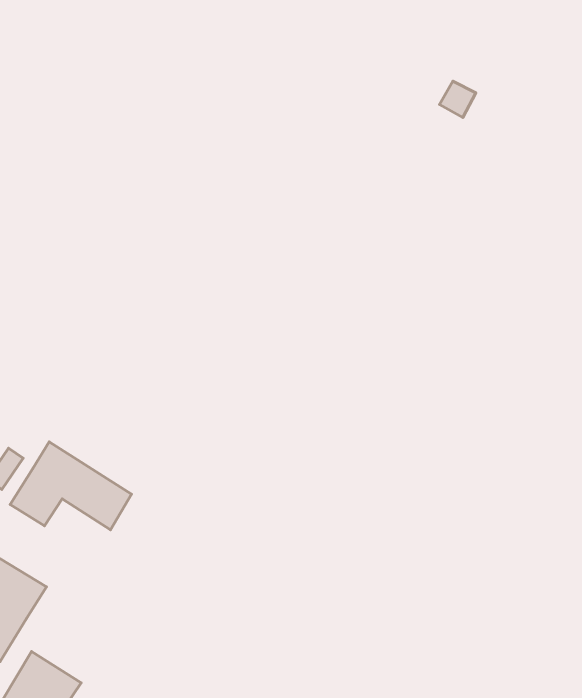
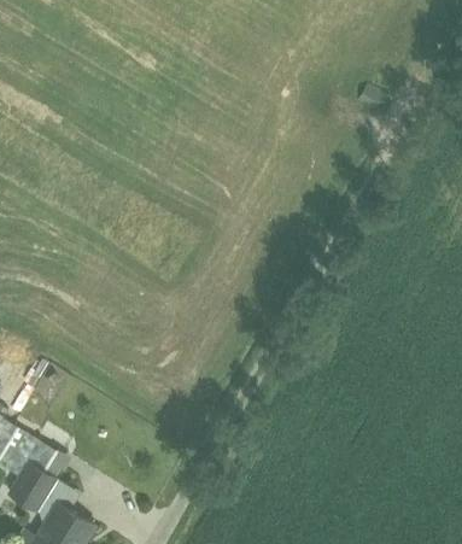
building: [10,442,132,530] -> none

